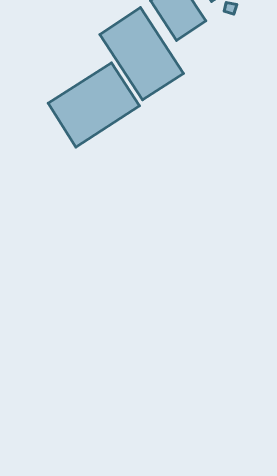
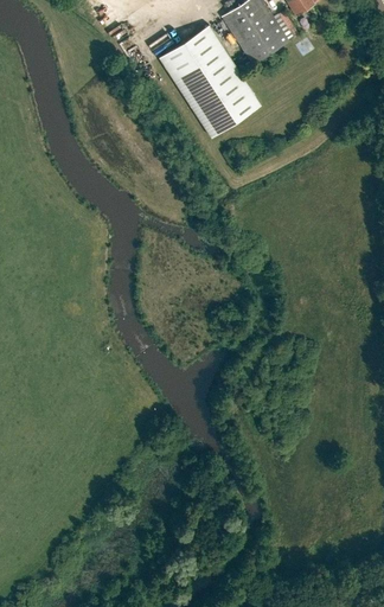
building: [48,63,139,147] -> none

